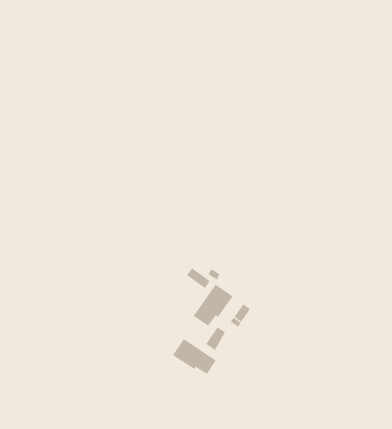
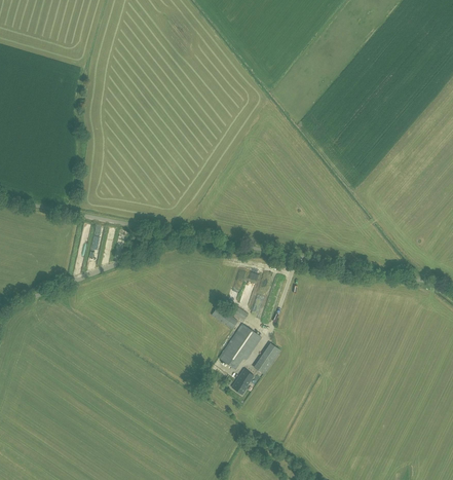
building: [172,338,217,375] -> none

